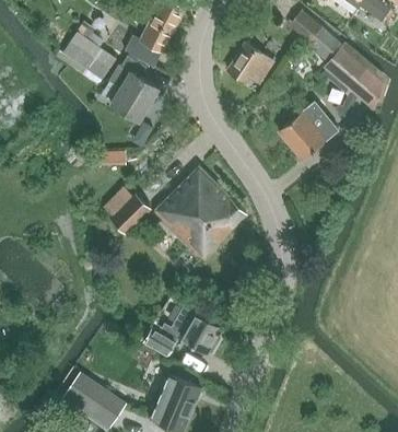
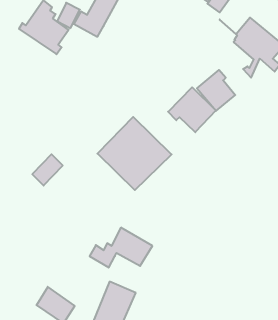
building: [306,25,344,63] -> none
building: [227,43,273,84] -> none
building: [110,55,157,120] -> none
building: none -> [168,87,216,132]
building: [110,194,149,233] -> [32,154,63,186]

